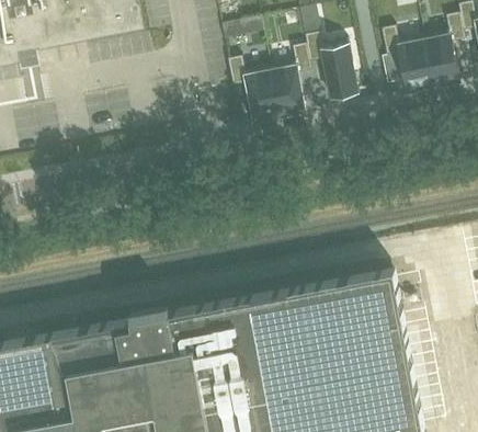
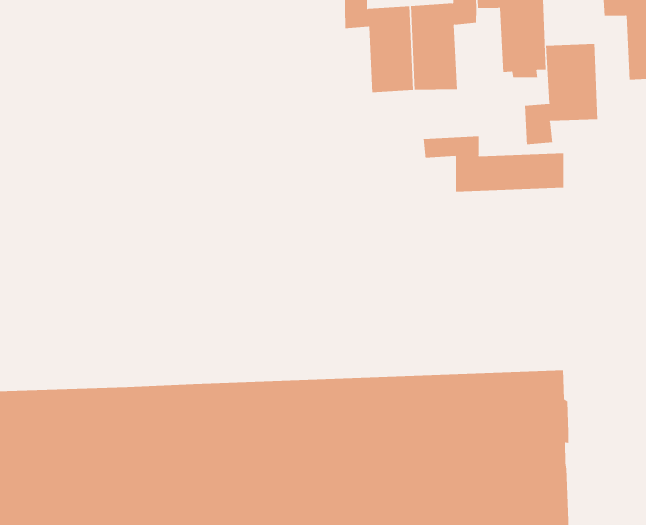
building: none -> [525,43,598,145]
building: none -> [423,136,564,192]

